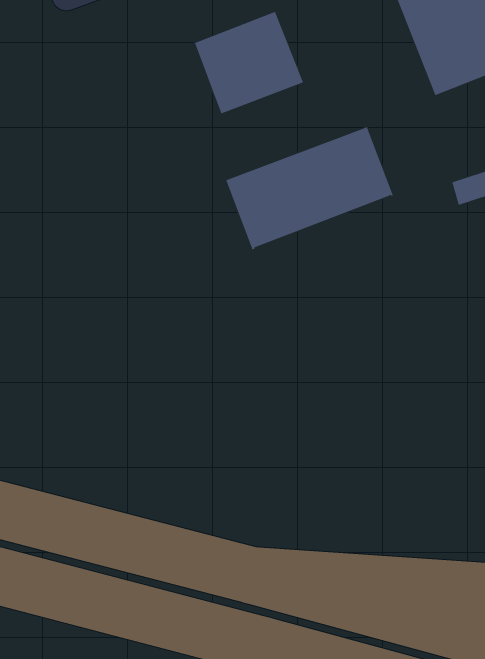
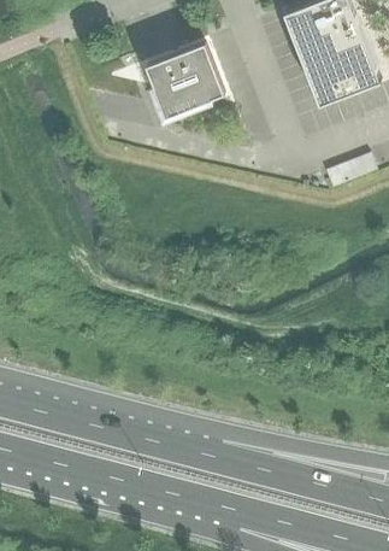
building: [226,126,394,250] -> none

